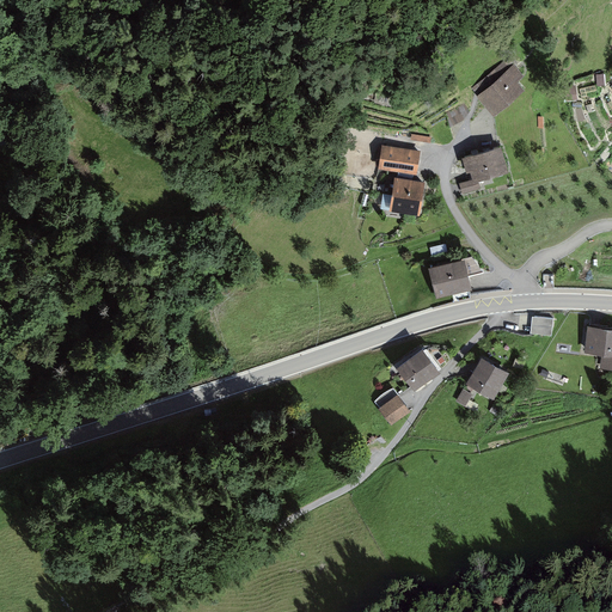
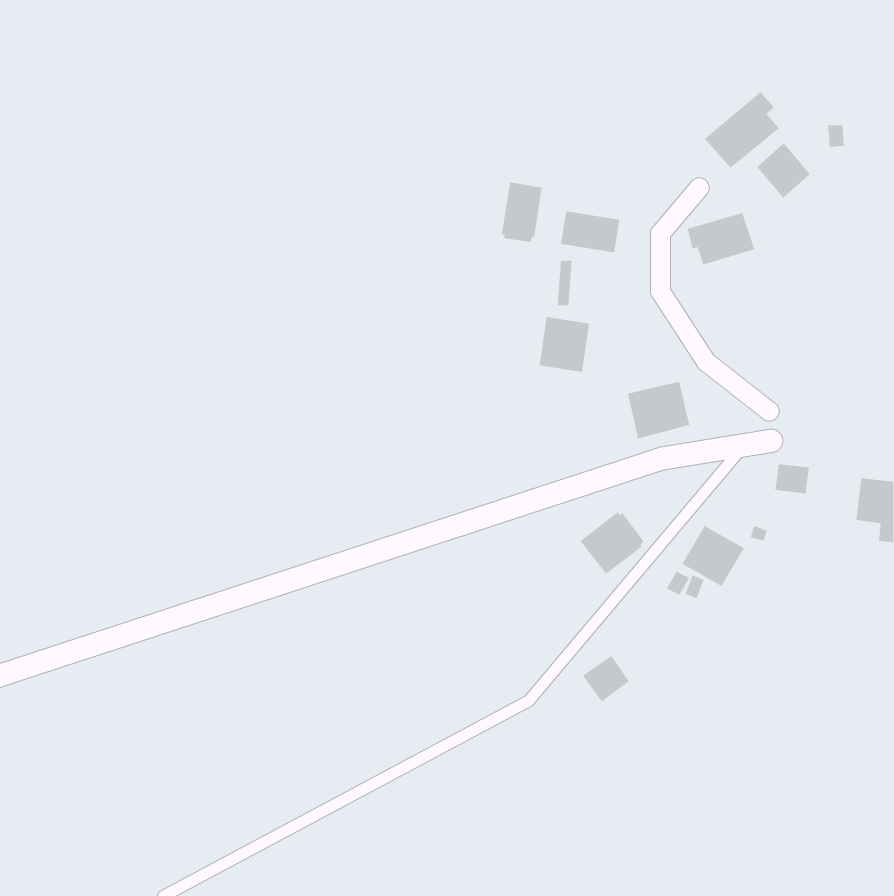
building: none -> [756,143,811,199]
building: none -> [501,181,542,243]
building: [393,176,428,214] -> [539,316,590,373]
building: [375,393,408,426] -> [582,655,630,702]

